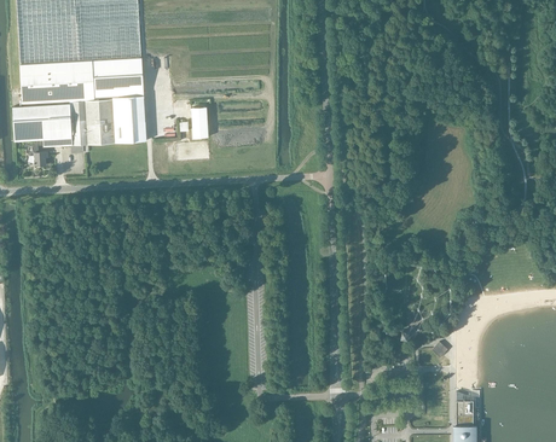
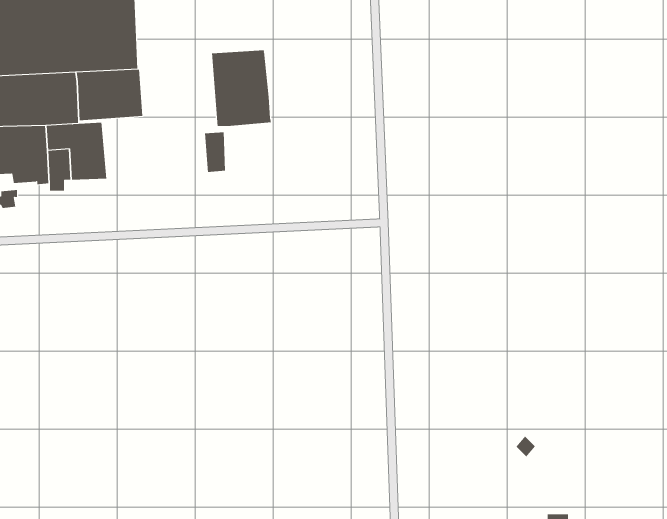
building: none -> [212,49,271,127]
building: [112,97,146,143] -> none

